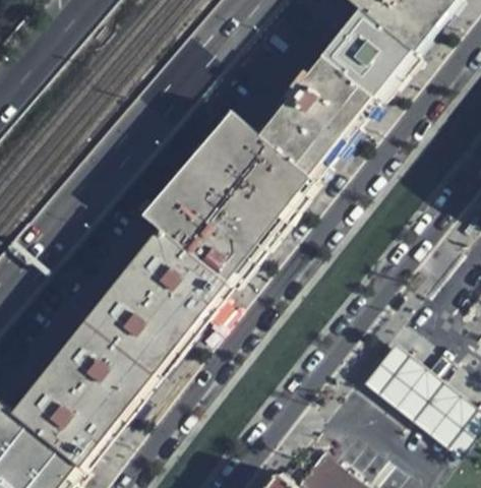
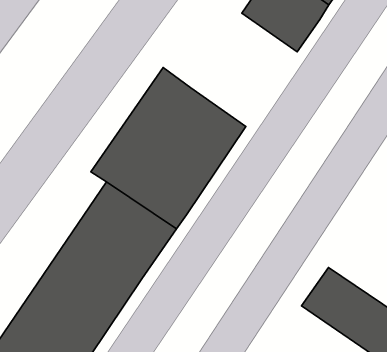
building: [256,57,375,181] -> none

